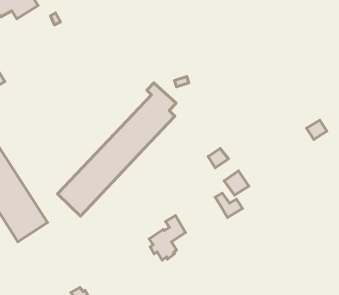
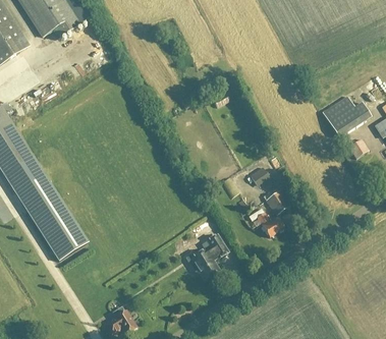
building: none -> [321,95,370,137]
building: [57,83,176,216] -> none

